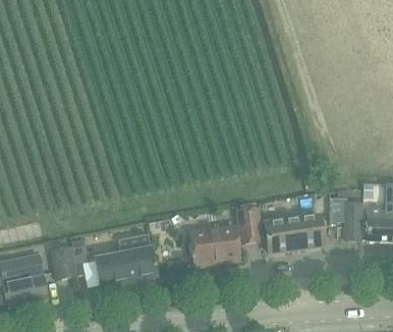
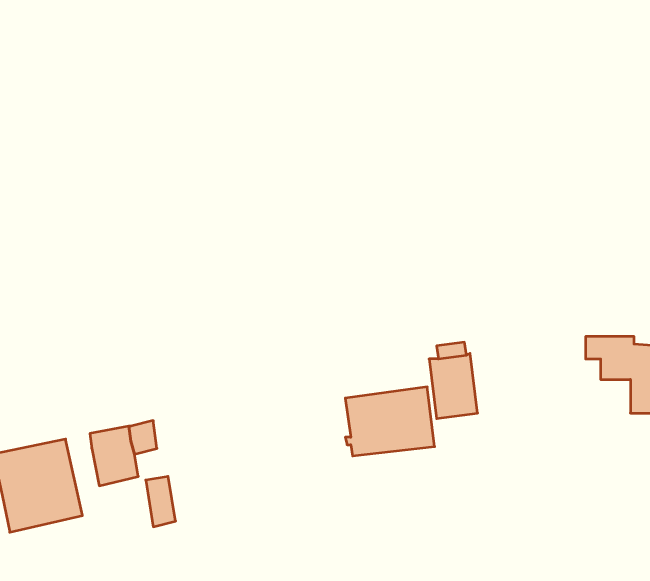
building: [267,214,322,250] -> none
building: [94,234,156,284] -> none

